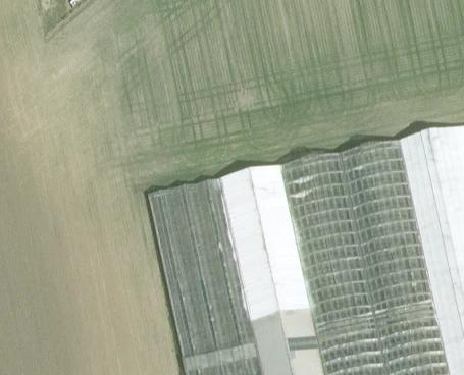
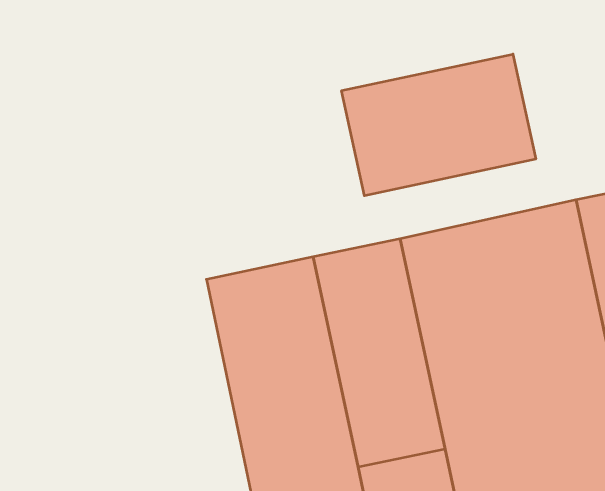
building: none -> [342,54,536,196]

